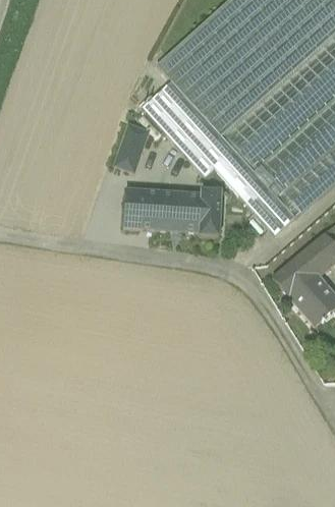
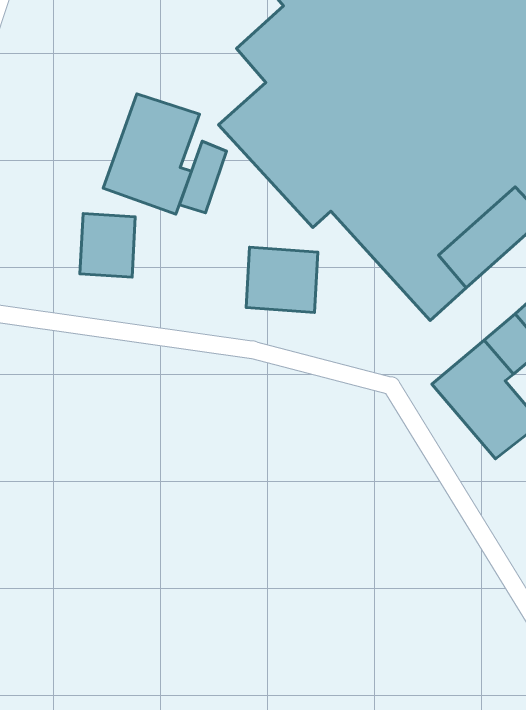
building: none -> [103,94,199,214]
building: [125,189,160,229] -> [80,214,135,277]
building: [201,190,222,236] -> none

